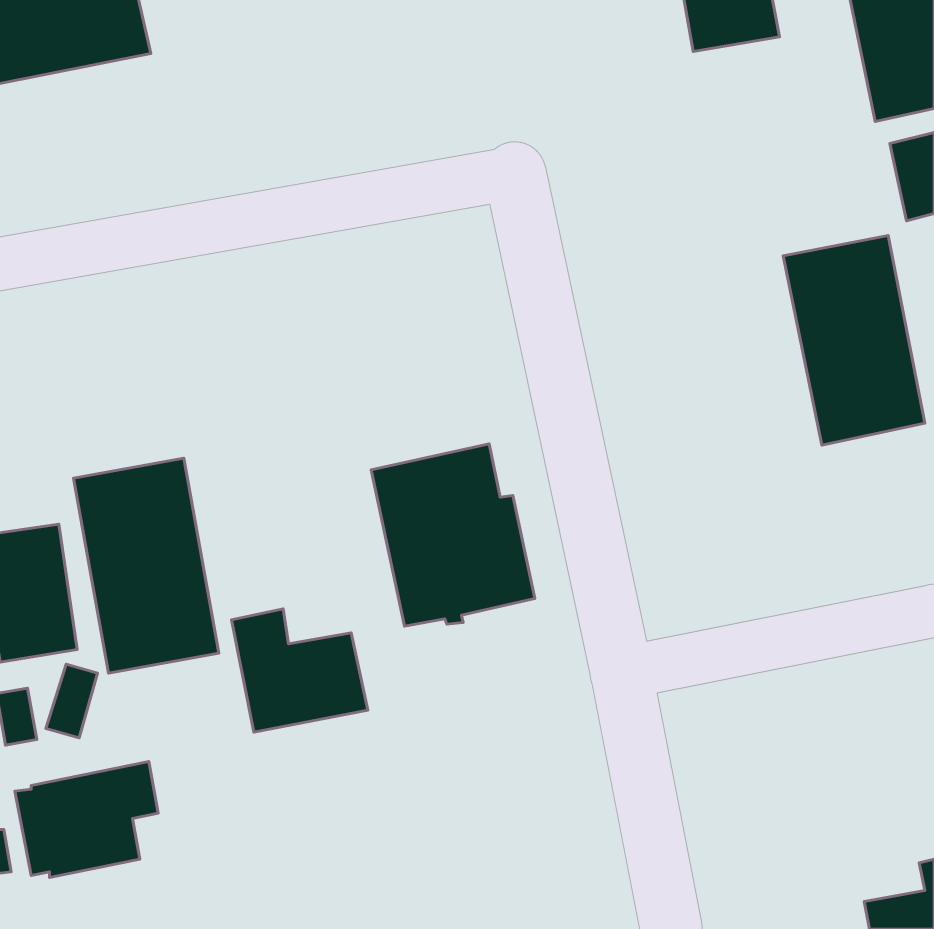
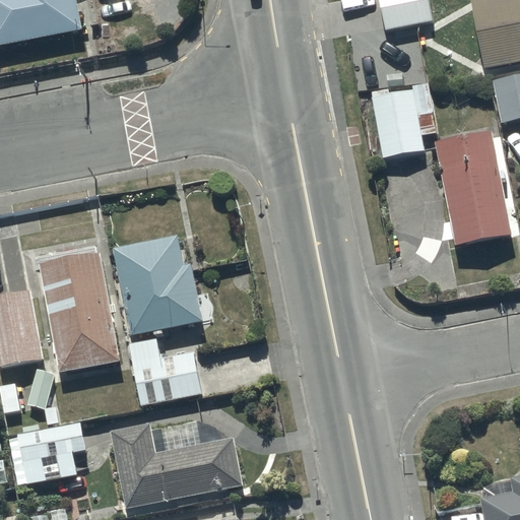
building: none -> [369,81,437,157]
building: [371,444,535,626] -> [113,235,203,335]
building: none -> [111,416,242,508]

